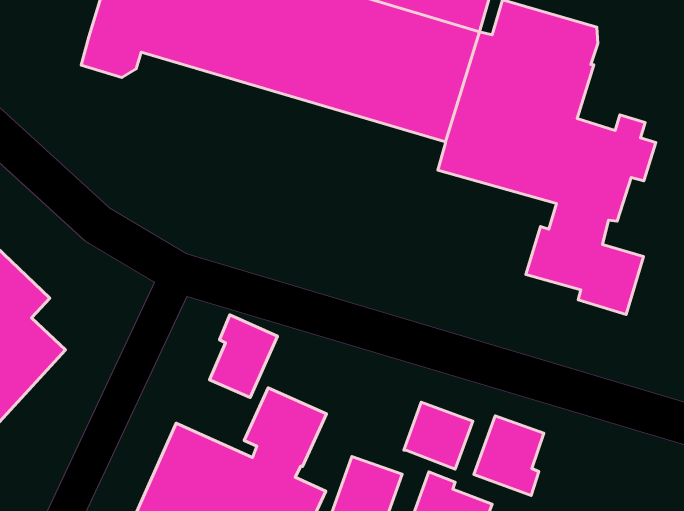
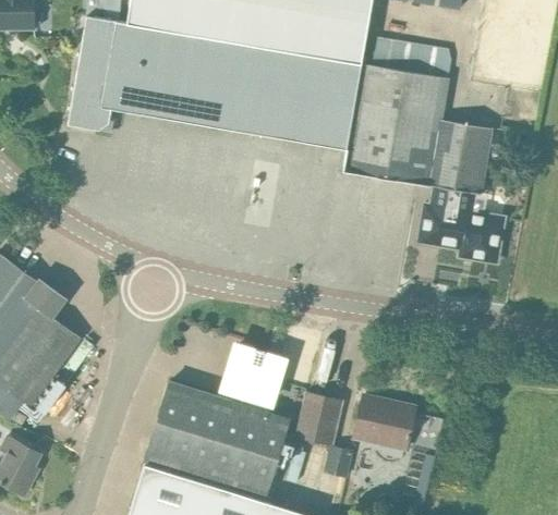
building: [210,315,277,398] -> none
building: [404,402,473,469] -> none
building: [474,416,544,496] -> none

